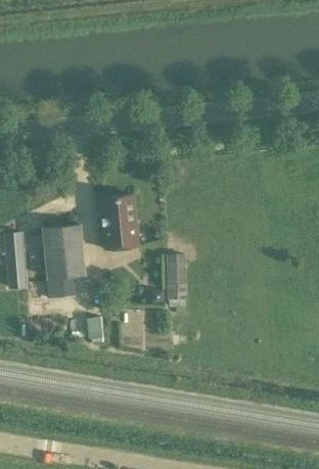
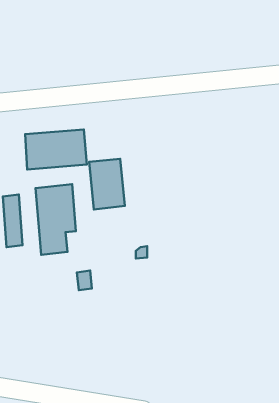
building: none -> [25,129,87,169]
building: [167,253,185,299] -> none

